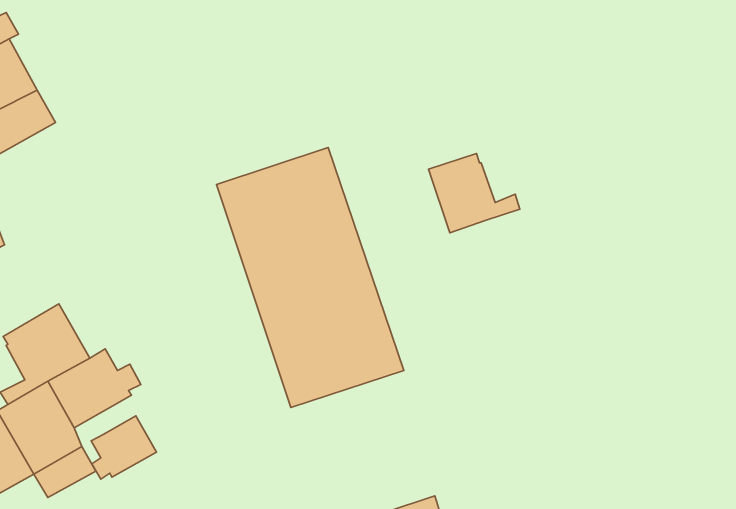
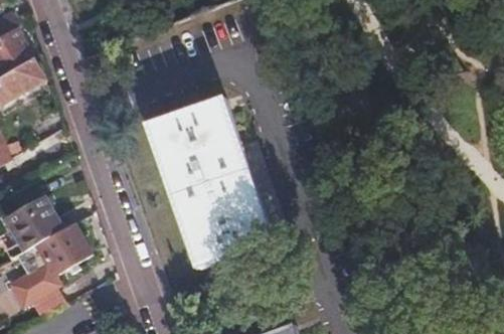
building: [428,154,520,233] -> none
building: [91,416,156,479] -> none

